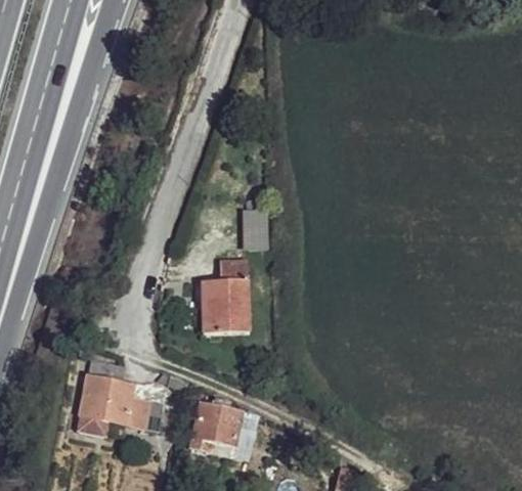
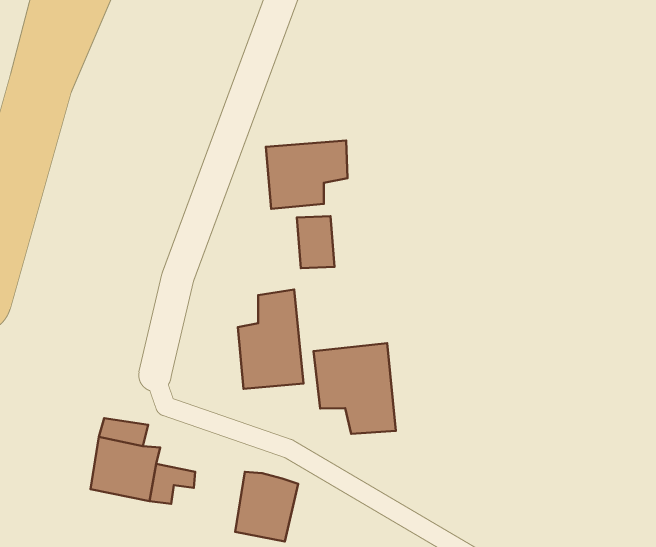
building: none -> [266,141,348,209]
building: none -> [313,343,396,434]

